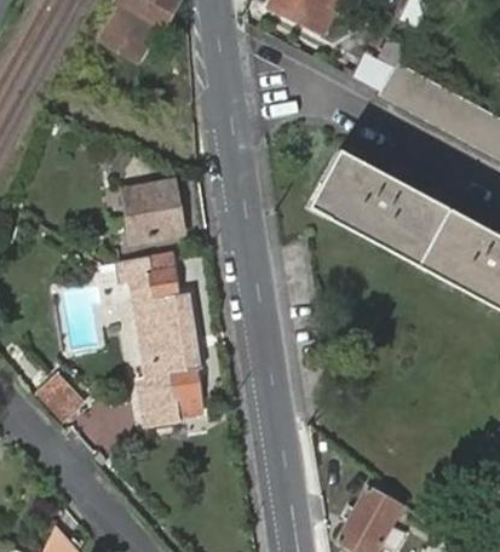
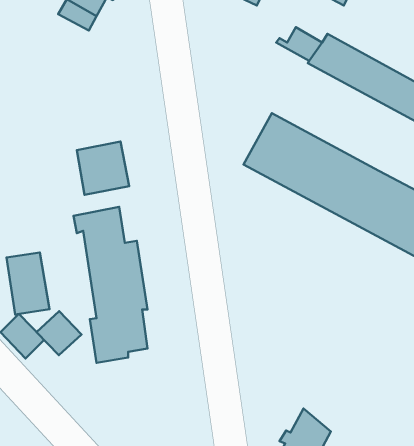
building: none -> [6,253,49,314]
building: none -> [37,311,81,355]

